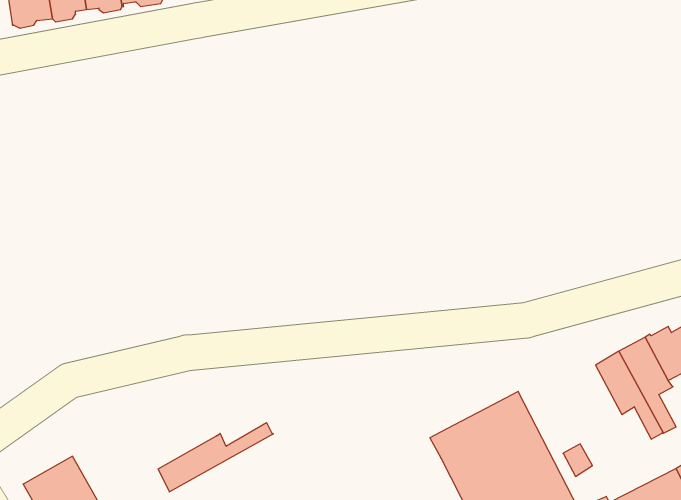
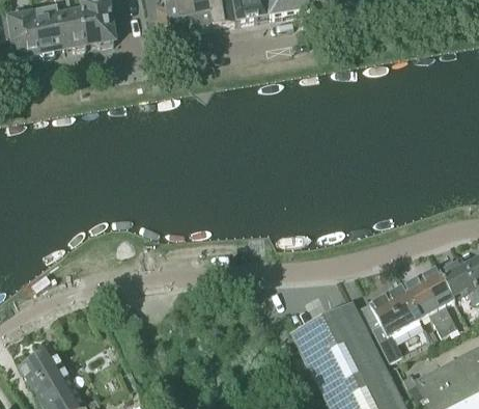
building: none -> [369,284,420,333]
building: [158,423,273,492] -> none

